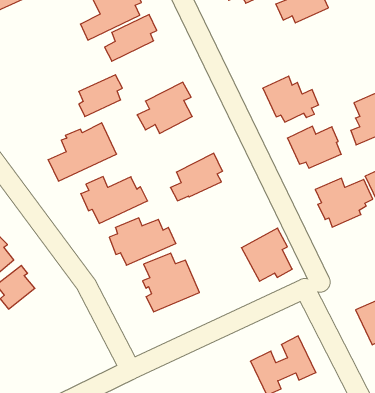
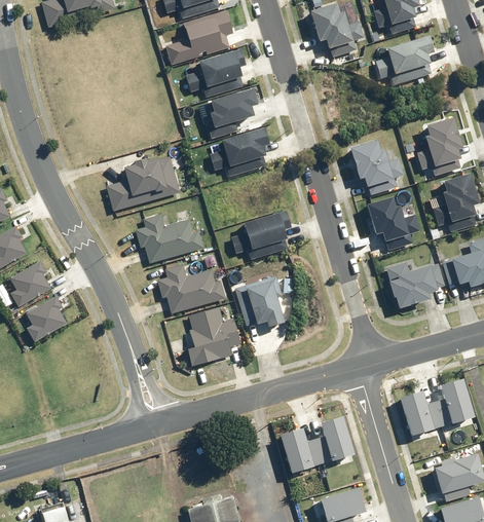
building: none -> [416,116,463,172]
building: [79,75,122,117] -> [208,89,257,128]
building: [241,228,292,281] -> [233,275,284,329]

